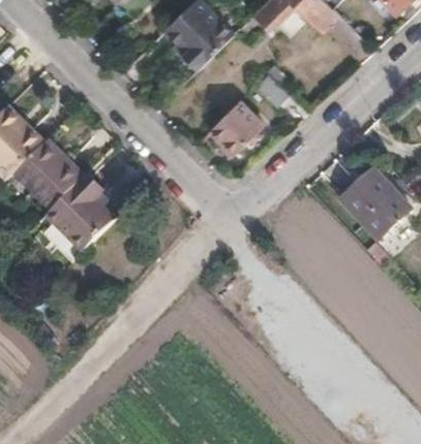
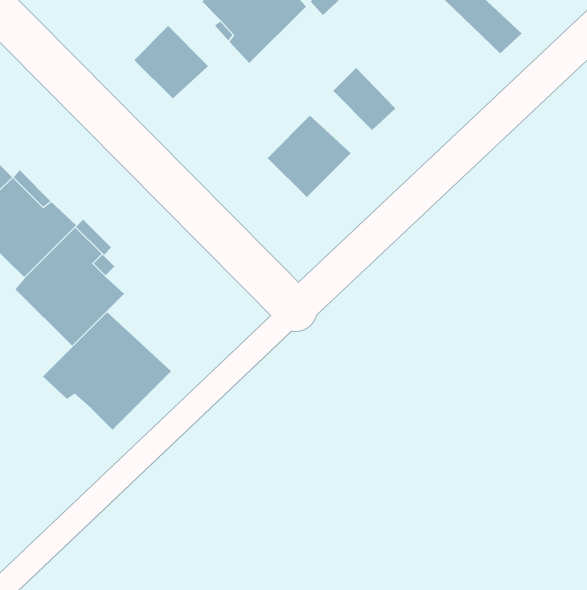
building: none -> [133,25,209,99]
building: [338,169,411,240] -> none
building: none -> [42,312,172,431]

